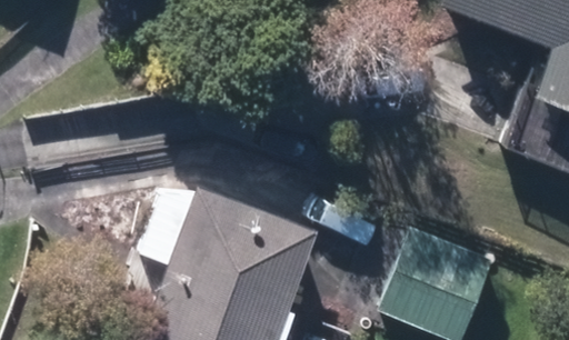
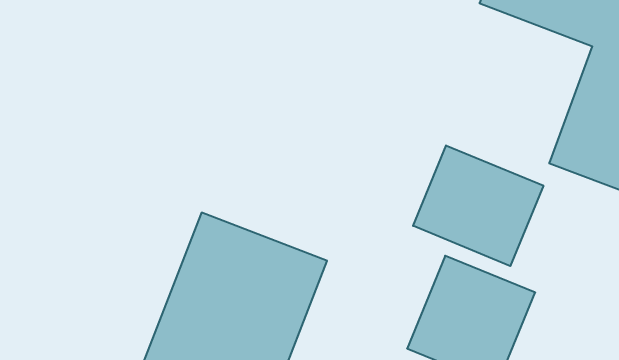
building: none -> [413,145,543,266]

